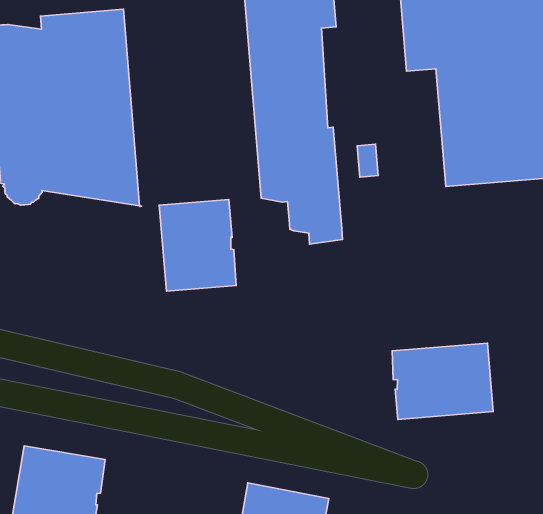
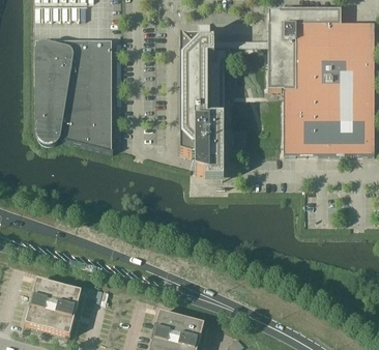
building: [159,199,236,291] -> none
building: [392,343,493,419] -> none

